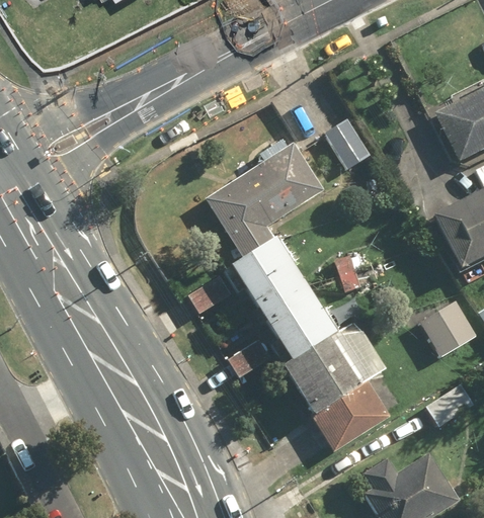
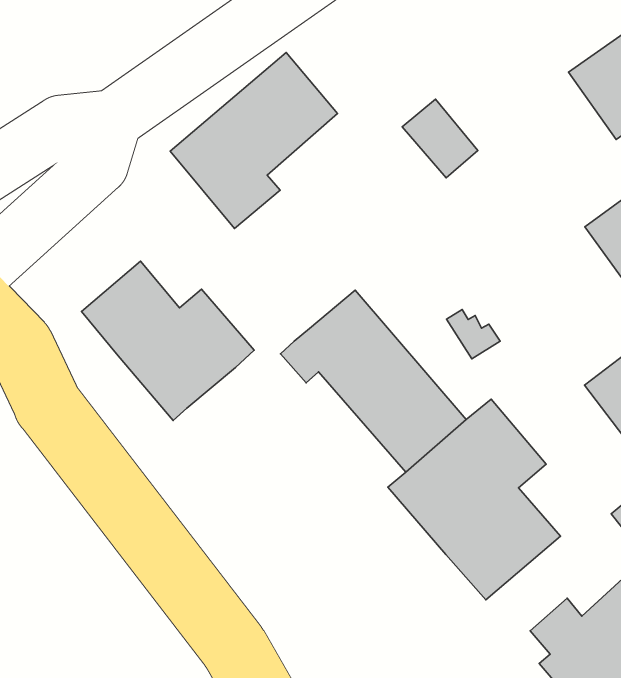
building: [208,146,321,257] -> [170,53,337,229]
building: none -> [81,261,254,421]

